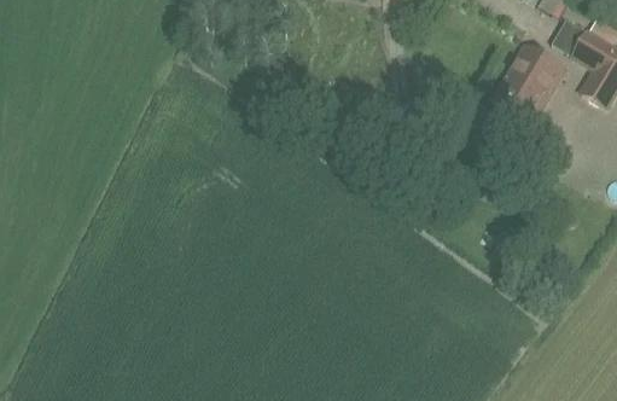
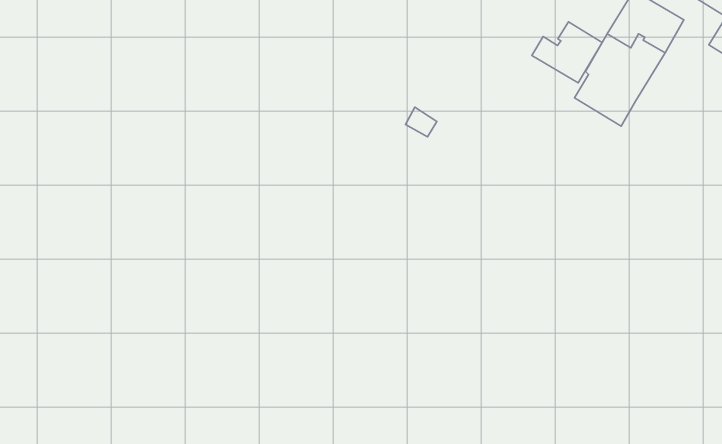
building: none -> [532,22,602,83]

